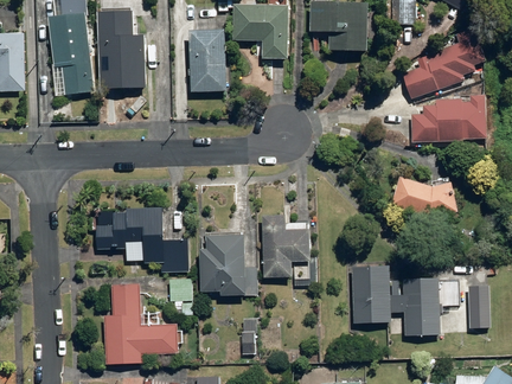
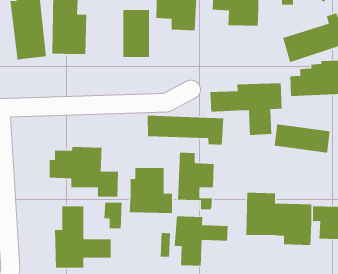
building: none -> [209,83,283,136]
building: none -> [147,115,224,146]
building: none -> [174,216,229,267]

